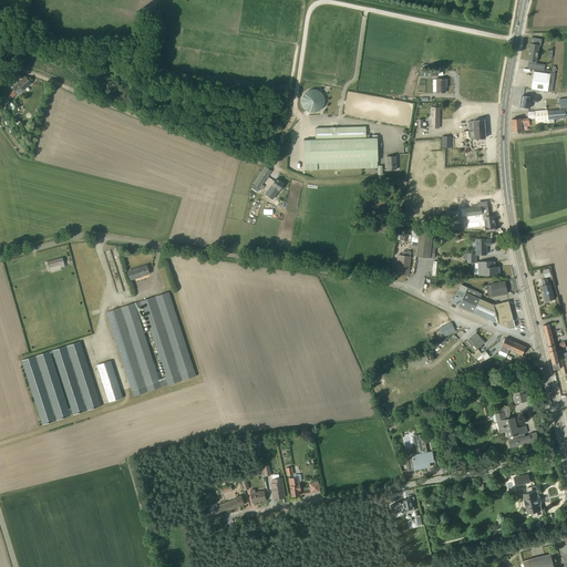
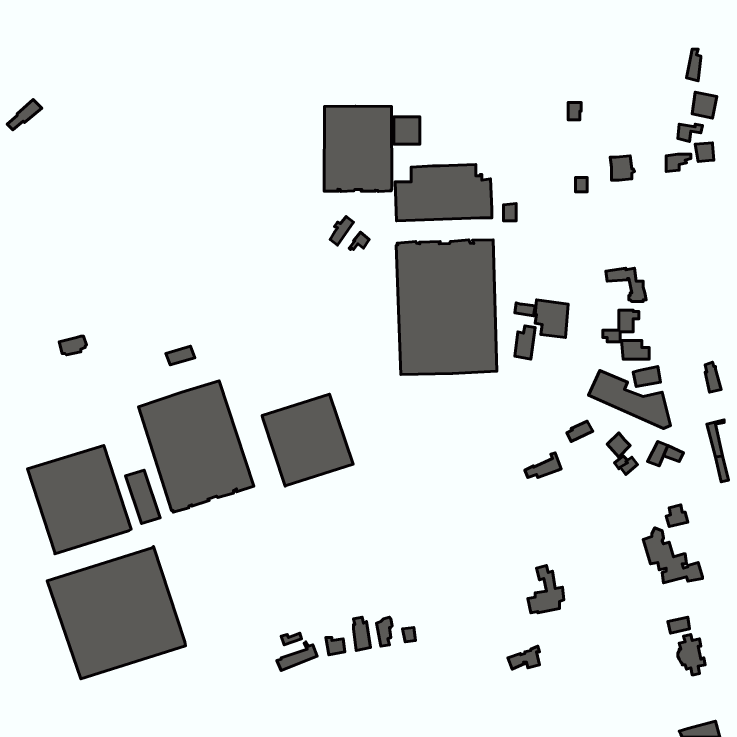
building: none -> [324,106,392,192]
building: none -> [396,240,497,375]
building: none -> [262,394,353,486]
building: none -> [47,547,186,679]

